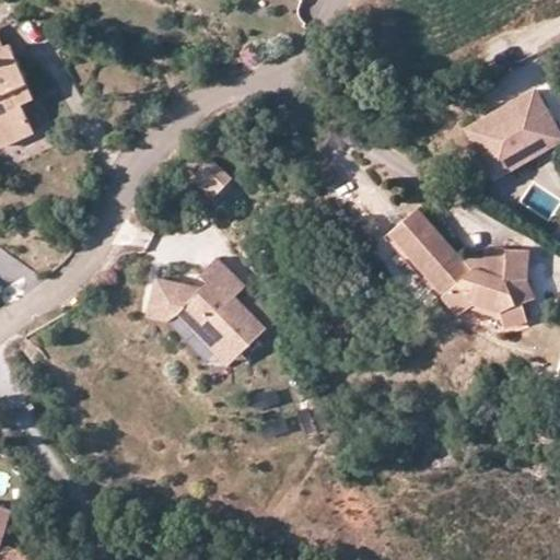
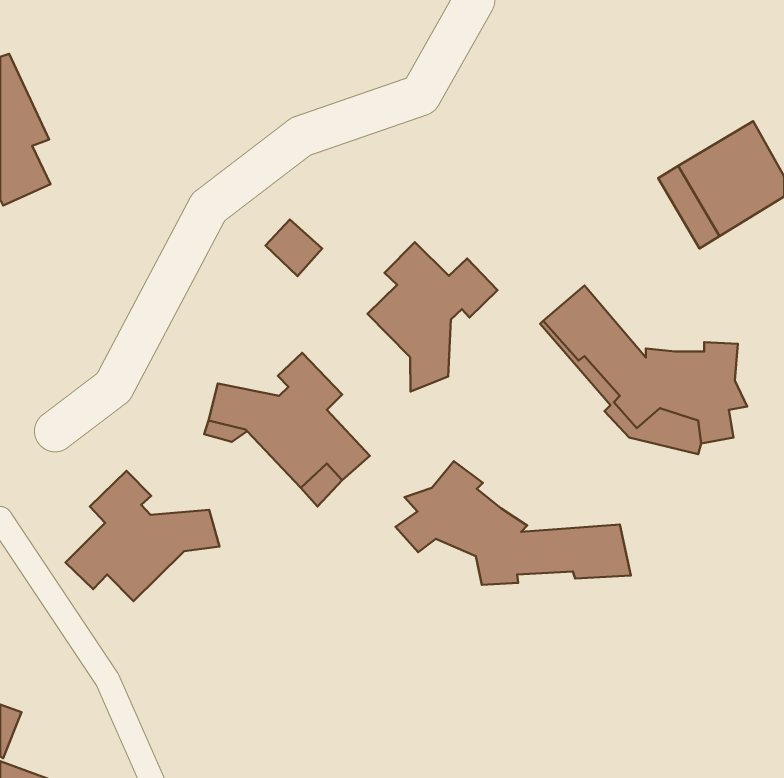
building: none -> [367,242,498,391]
building: none -> [395,461,631,585]
building: none -> [66,471,219,601]

